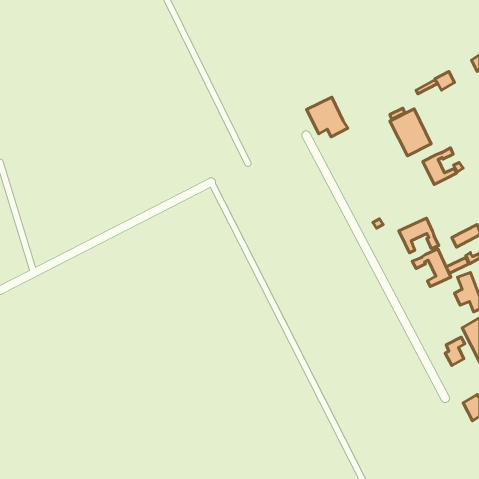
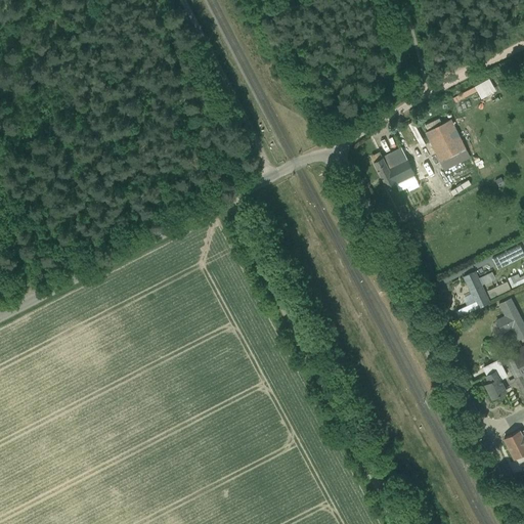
building: [307,97,348,137] -> [375,149,420,192]
building: [423,148,456,185] -> none
building: [399,218,439,253] -> none

